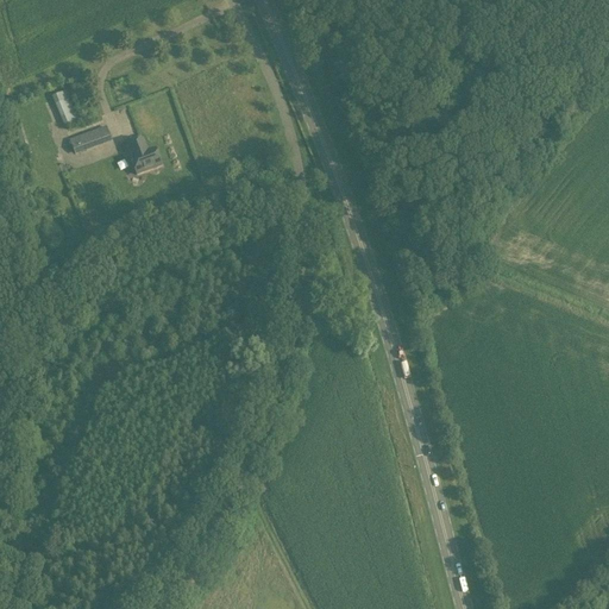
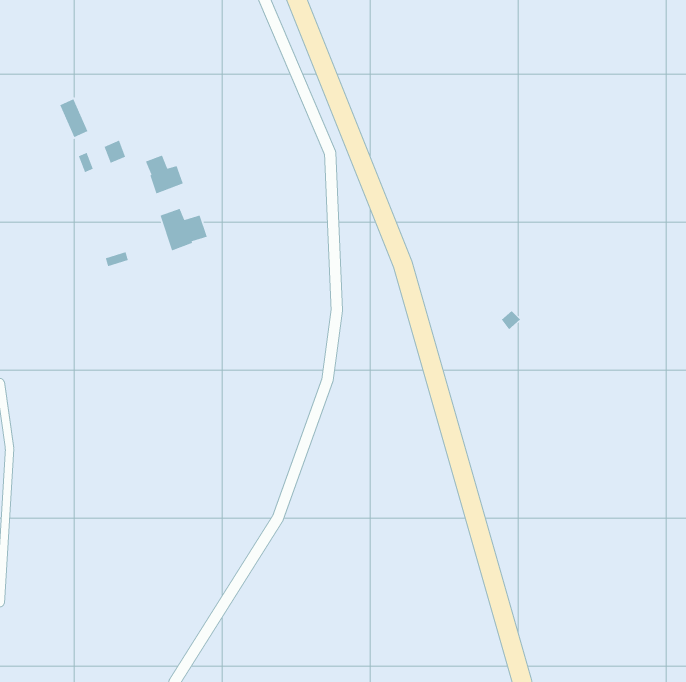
building: none -> [159,208,208,252]

